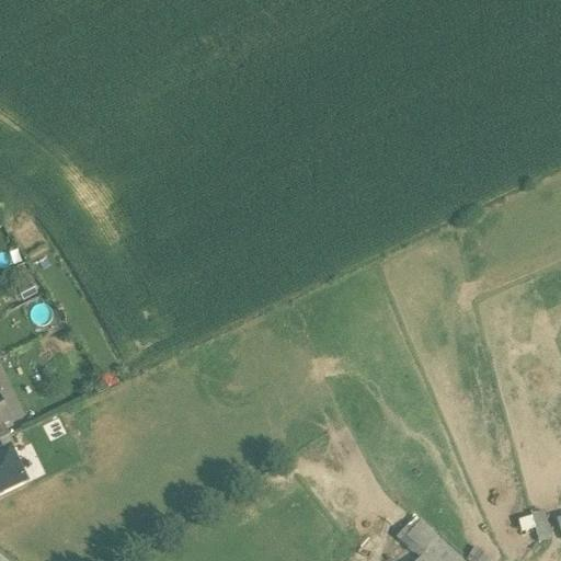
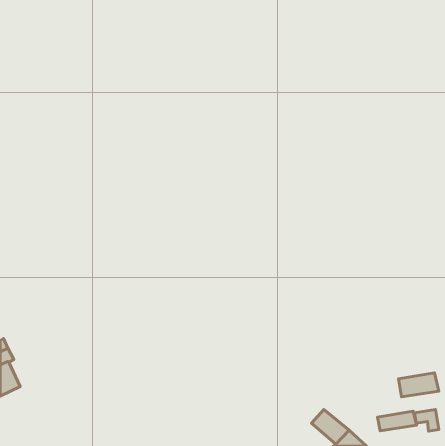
building: none -> [398,373,439,397]
building: none -> [378,411,417,431]

